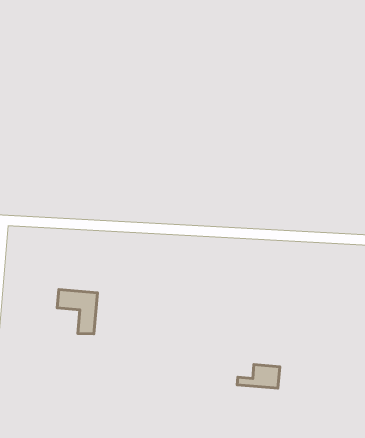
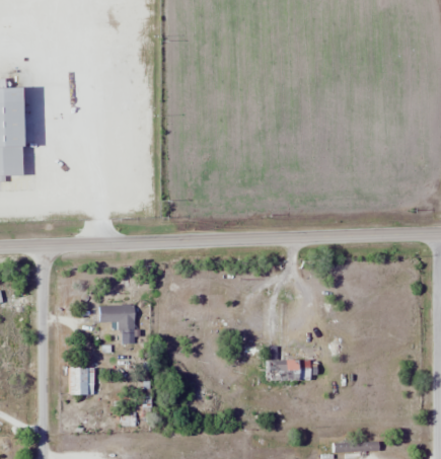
building: none -> [70,367,94,394]

